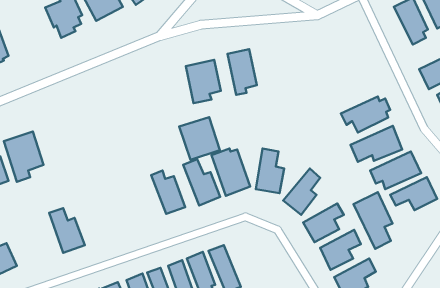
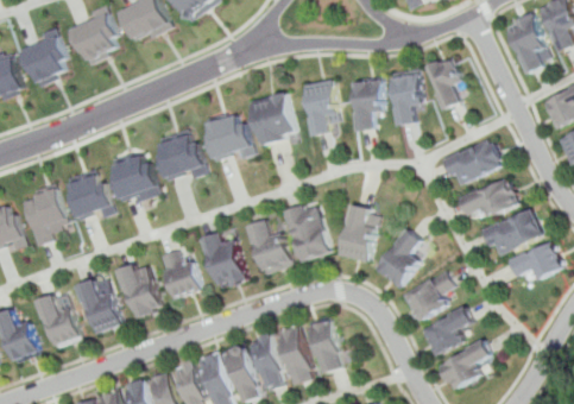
building: none -> [24,27,69,87]
building: none -> [424,58,462,108]
building: none -> [389,74,420,125]
building: none -> [349,78,381,131]
building: none -> [156,131,207,183]
building: none -> [113,154,160,202]
building: [179,117,220,160] -> [201,111,252,164]
building: none -> [67,171,119,220]
building: none -> [160,248,207,301]
building: [353,192,392,249] -> none
building: none -> [114,261,160,318]
building: none -> [33,292,77,349]
building: none -> [304,316,341,373]

